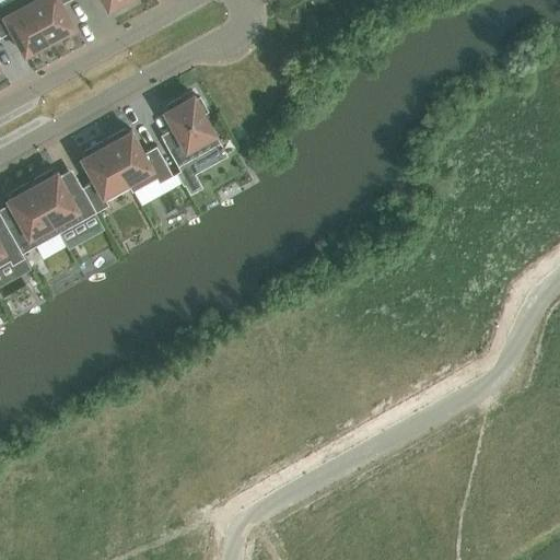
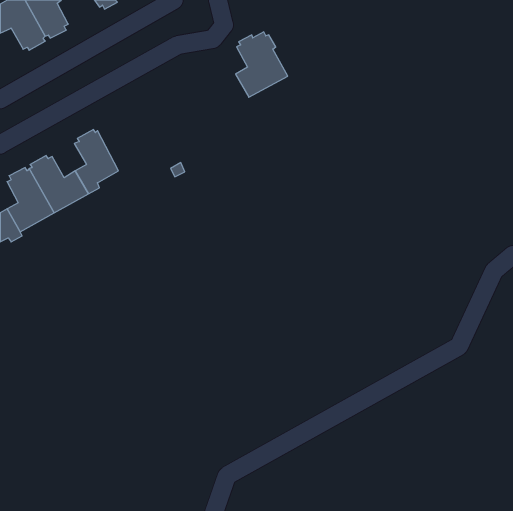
building: [163,96,220,167] -> [236,32,288,97]
building: [106,130,173,194] -> none

